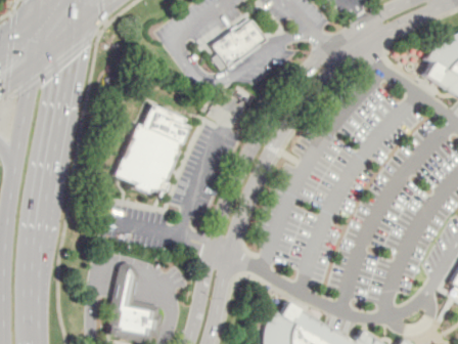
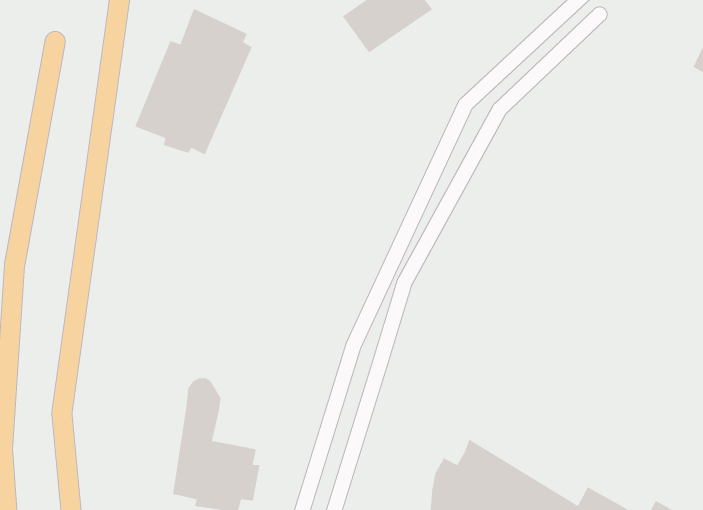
building: [117,103,188,192] -> [134,8,253,156]

